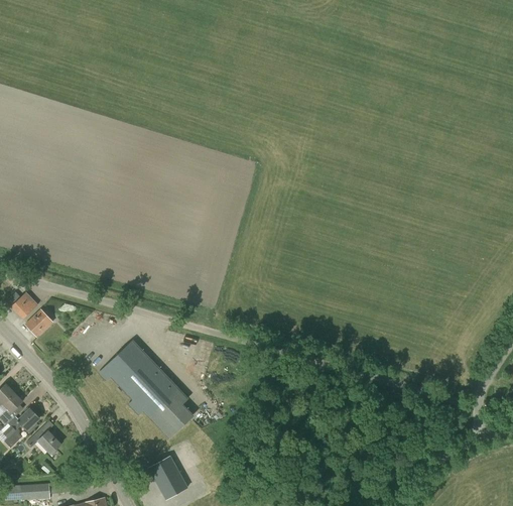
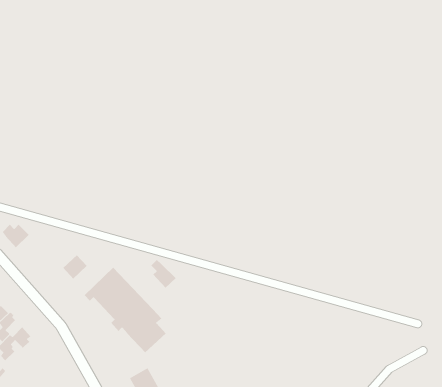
building: [24,309,52,338] -> [62,254,87,279]
building: none -> [151,259,176,288]
building: [26,428,60,455] -> none

